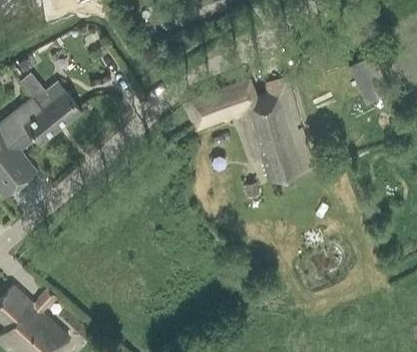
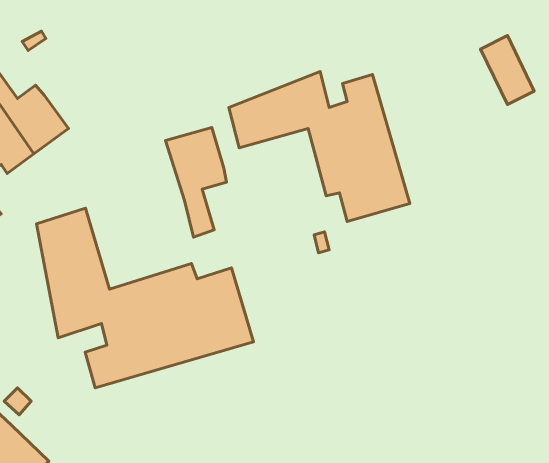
building: none -> [165,127,227,237]
building: none -> [37,208,254,388]

